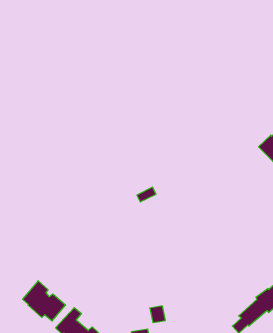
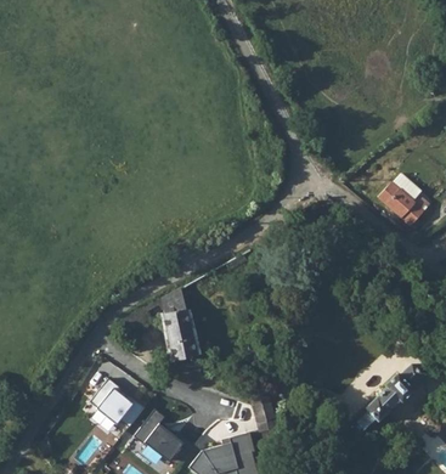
building: none -> [160,288,201,377]

